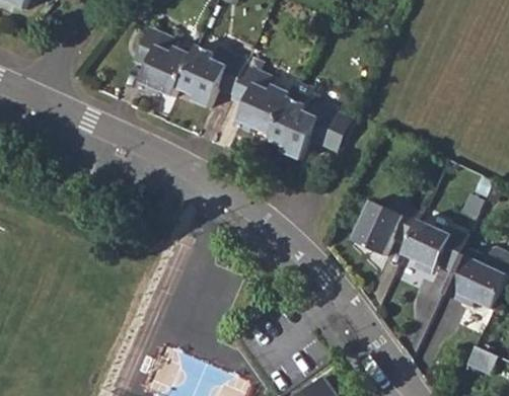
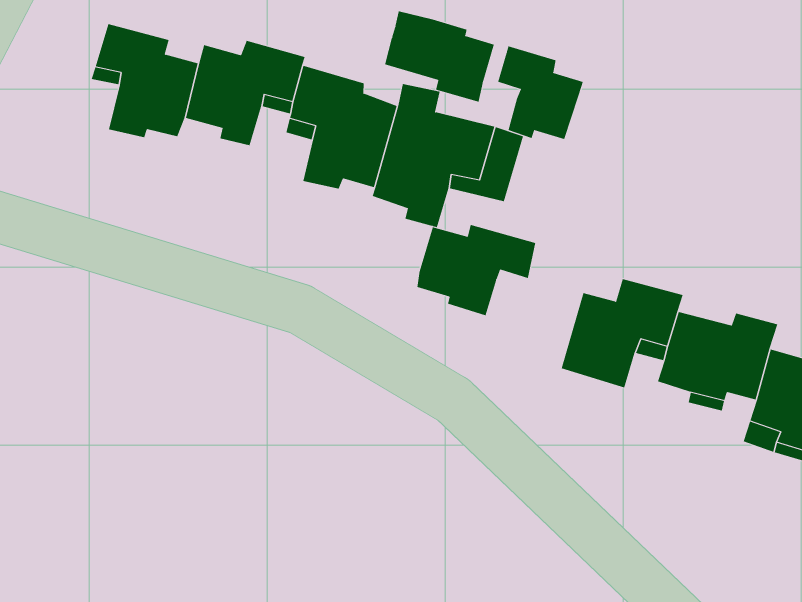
building: none -> [385,10,495,103]
building: none -> [497,46,583,140]
building: none -> [417,224,536,316]

